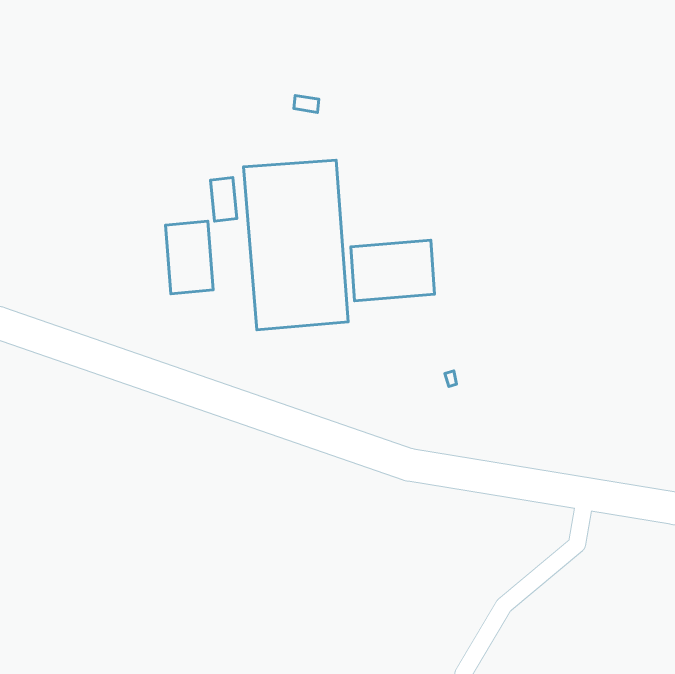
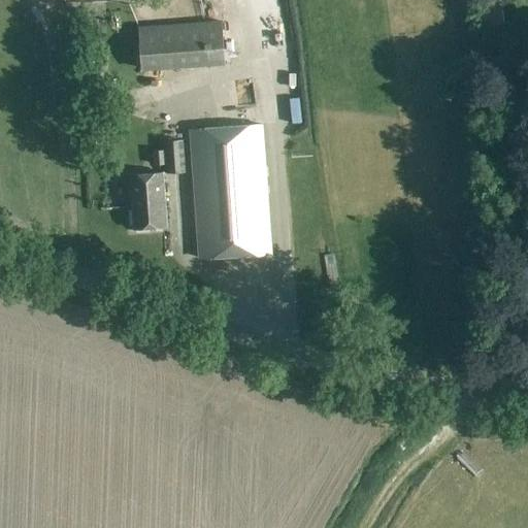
building: none -> [139,22,225,70]
building: [351,240,434,301] -> none

